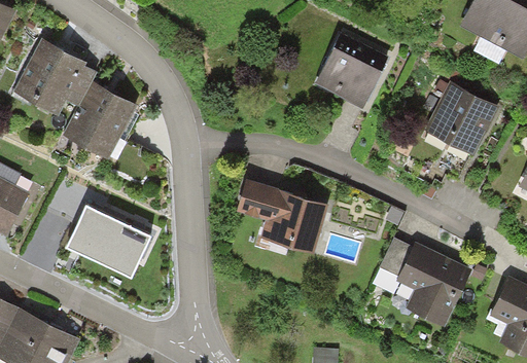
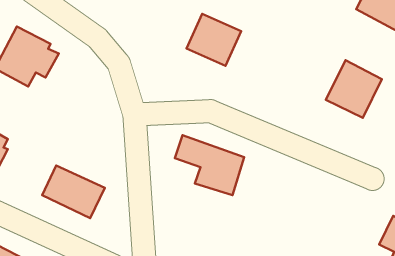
building: [318,37,386,102] -> [187,14,241,66]
building: [65,88,134,159] -> none
building: [378,237,468,322] -> none

